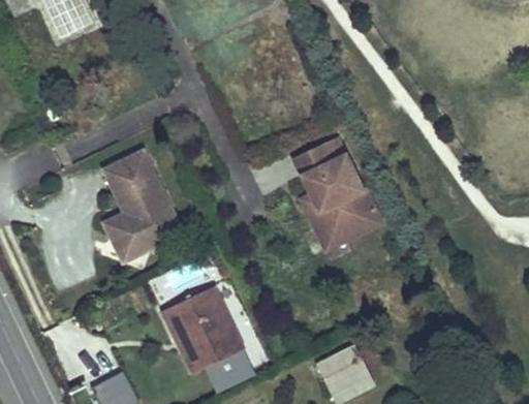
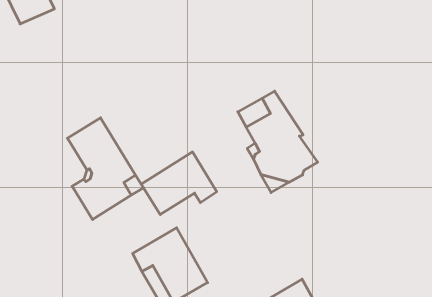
building: none -> [141,152,217,215]

